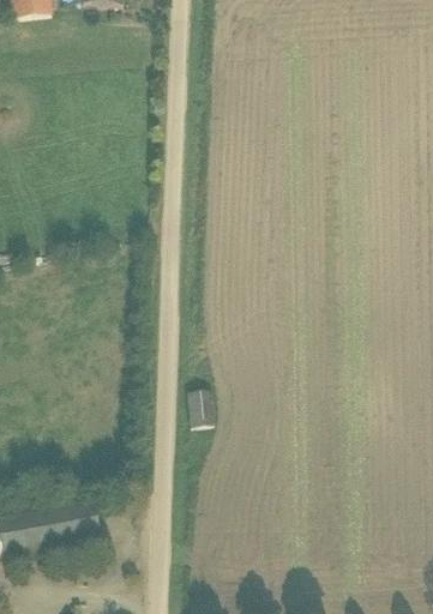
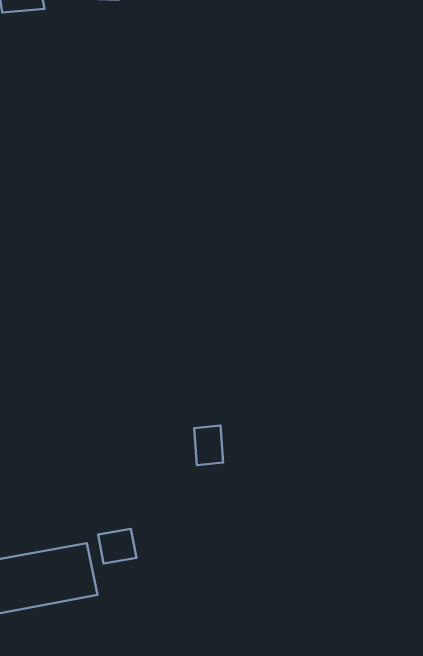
building: none -> [98,529,136,563]

